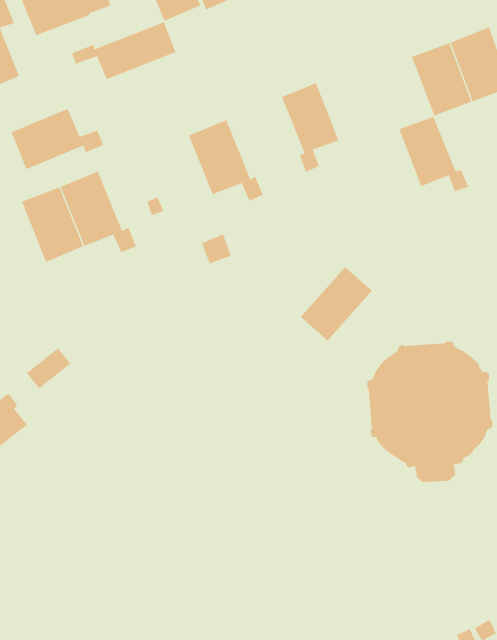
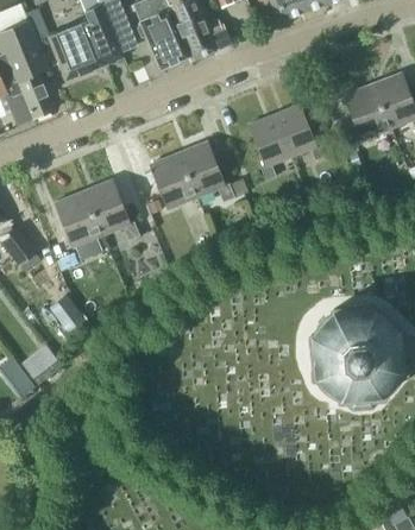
building: [71,22,176,80] -> none
building: [11,108,104,170] -> none
building: [398,116,469,192] -> [273,103,326,159]
building: none -> [150,152,196,207]
building: [300,266,373,342] -> none

